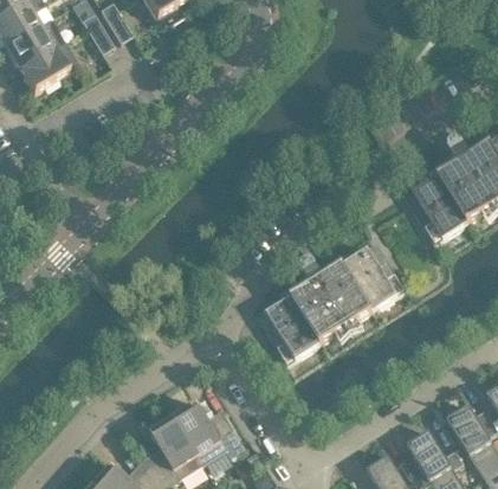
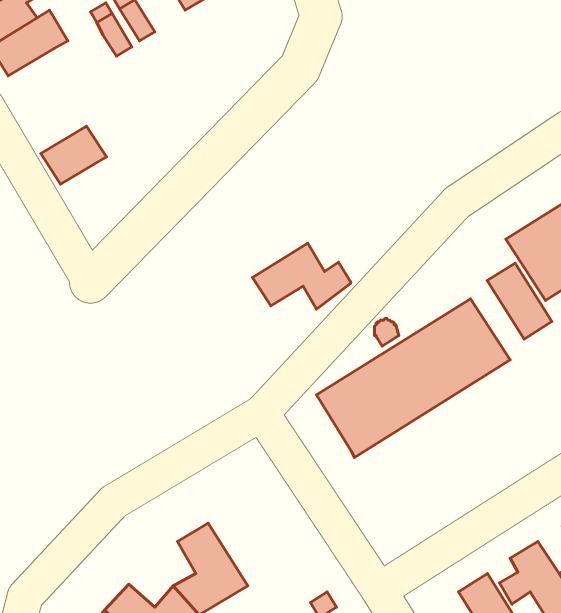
building: [17,46,67,91] -> [41,126,106,184]
building: none -> [252,243,351,309]
building: none -> [487,263,552,339]
building: [172,399,245,463] -> none

